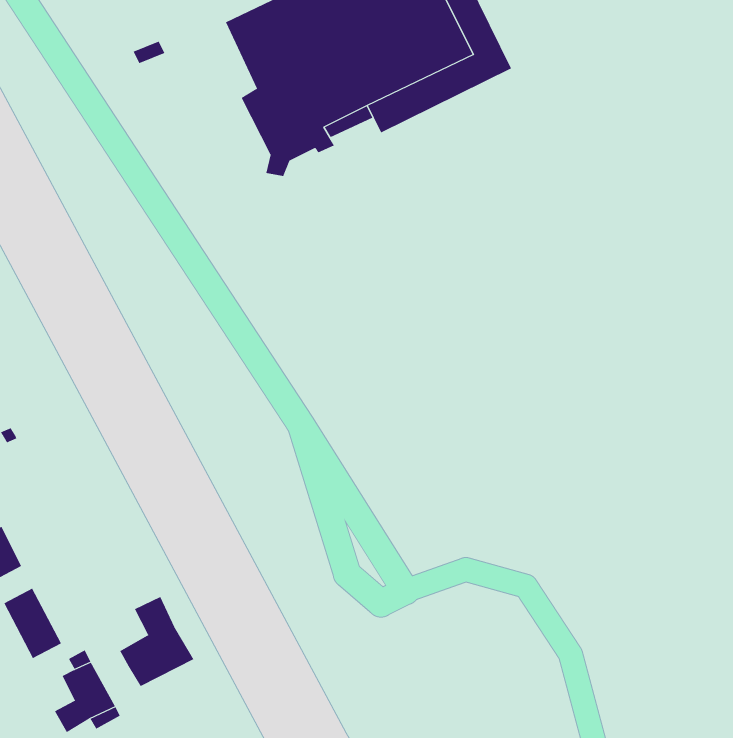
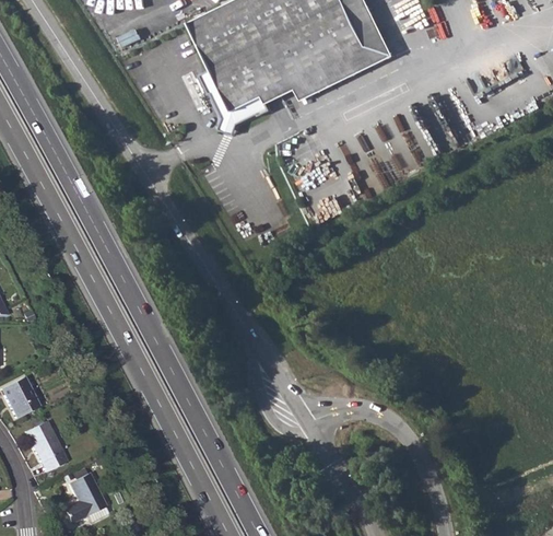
building: [119,596,194,687] -> none

